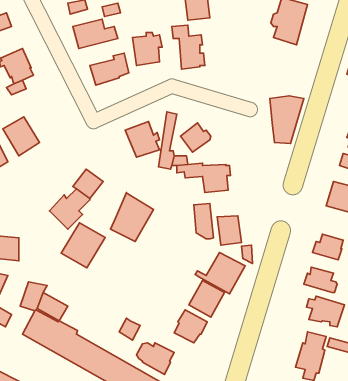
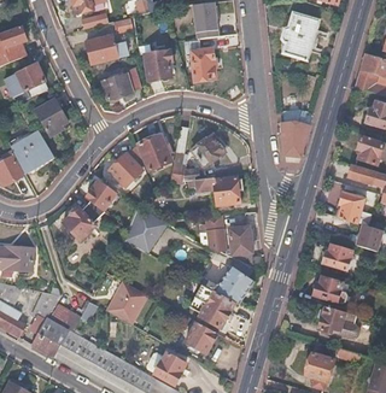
building: none -> [35,98,66,134]
building: none -> [109,146,142,186]
building: [61,223,105,268] -> [106,280,150,324]

